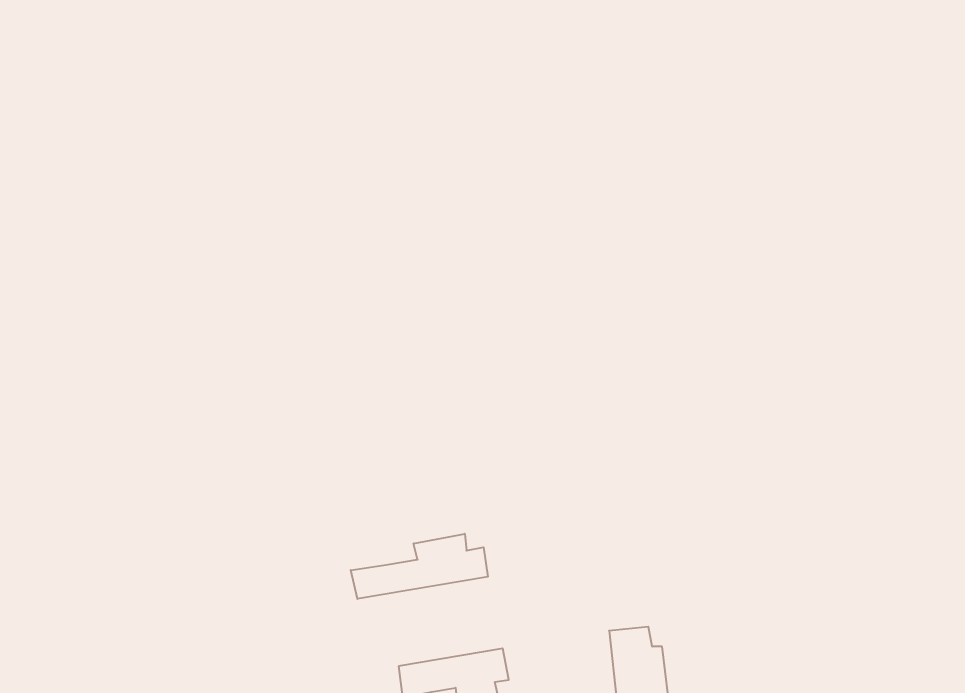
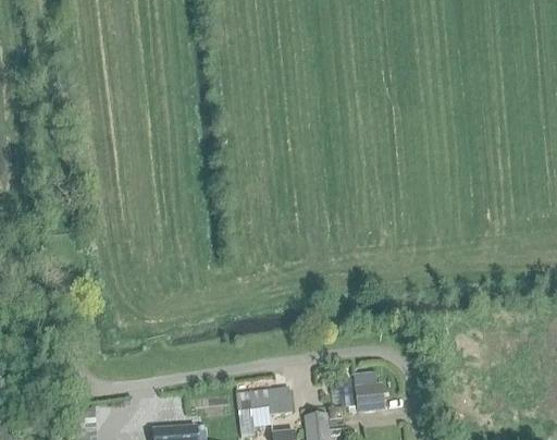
building: [351,534,488,599] -> none

